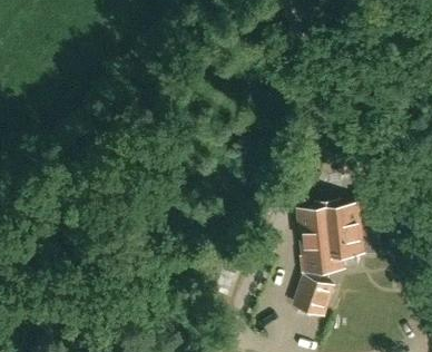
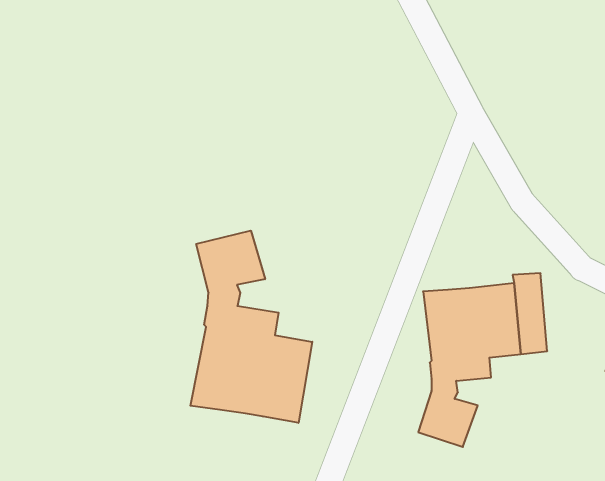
building: none -> [190,231,312,423]

